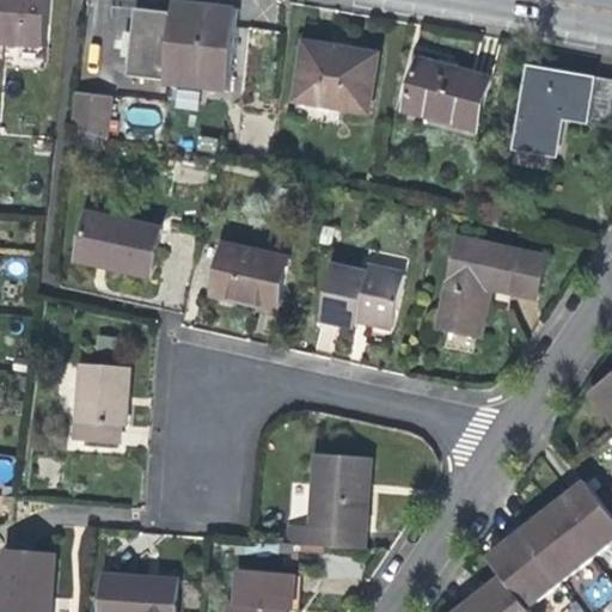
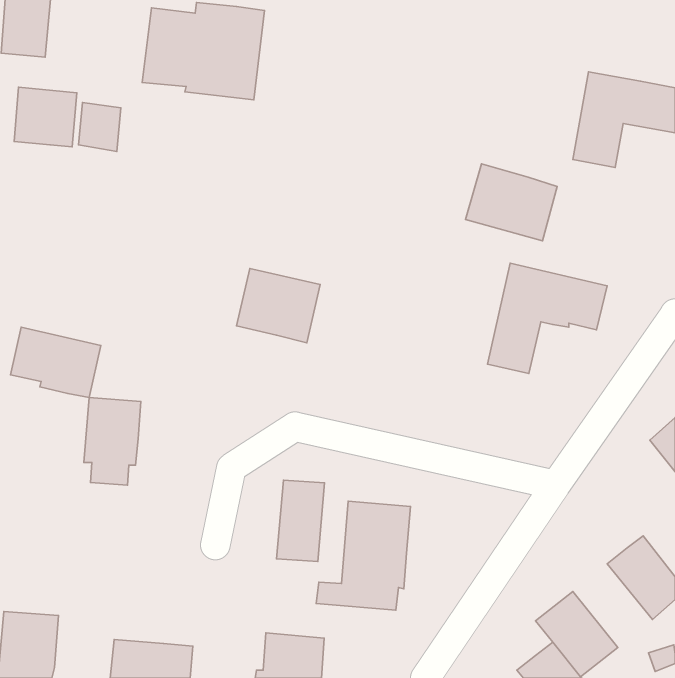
building: [290,39,372,111] -> none
building: [404,57,486,127] -> [466,164,557,241]
building: none -> [14,87,77,147]
building: [78,212,159,275] -> [11,327,101,397]
building: [322,265,403,328] -> none
building: none -> [277,480,324,562]
building: [515,507,587,582] -> none

